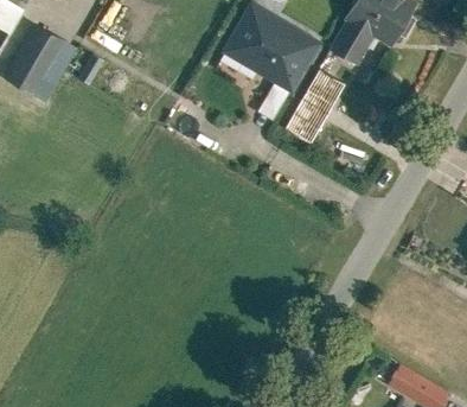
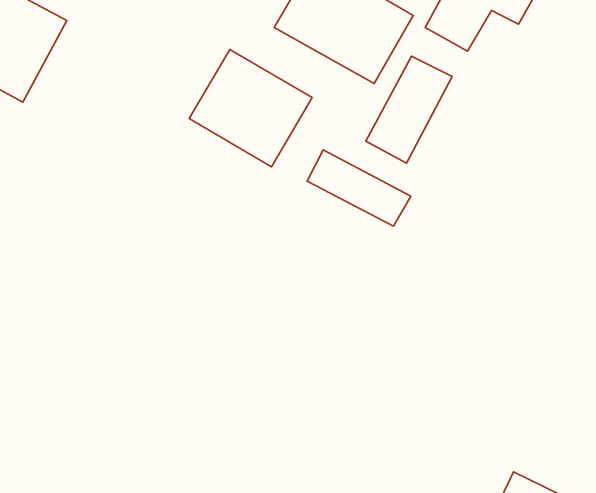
building: none -> [189,49,312,167]
building: none -> [307,150,411,226]

